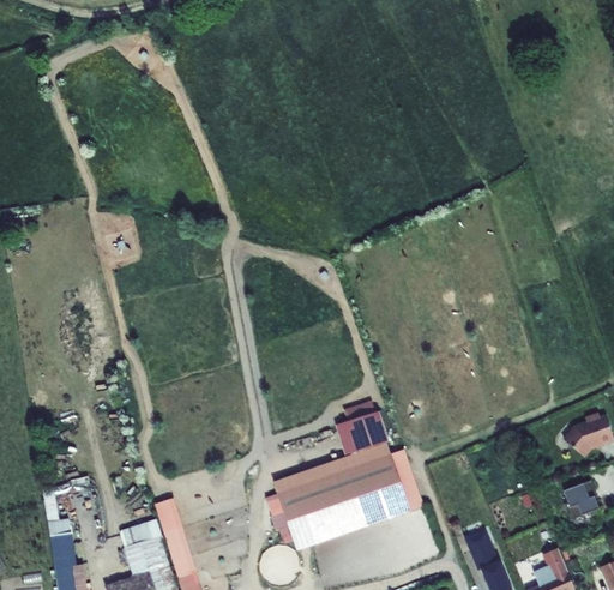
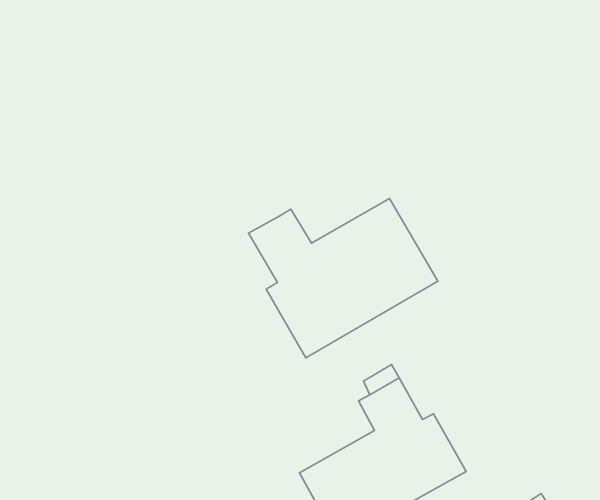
building: none -> [249,199,438,358]

